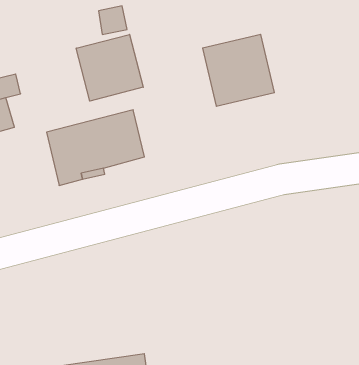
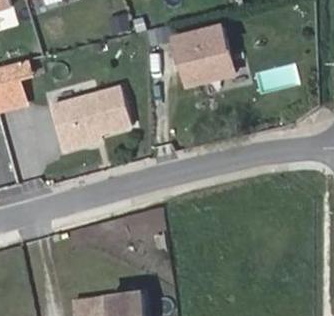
building: [76,34,143,101] -> none

